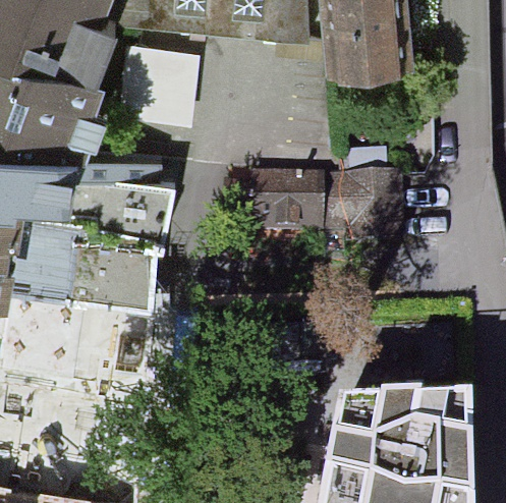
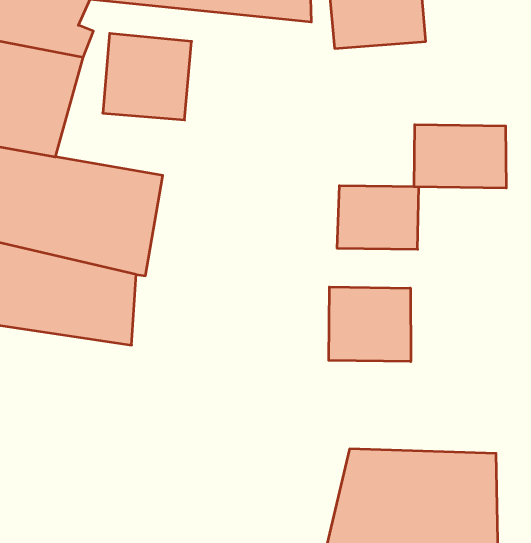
building: none -> [414,125,506,188]
building: [230,171,331,228] -> none
building: none -> [329,287,411,362]

